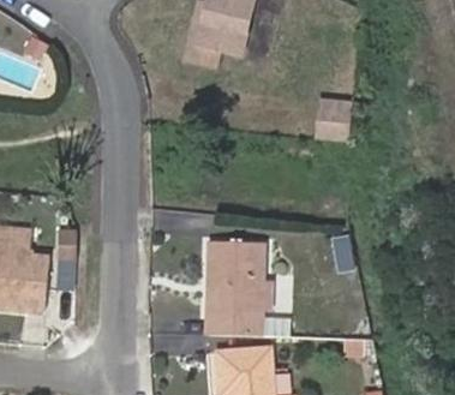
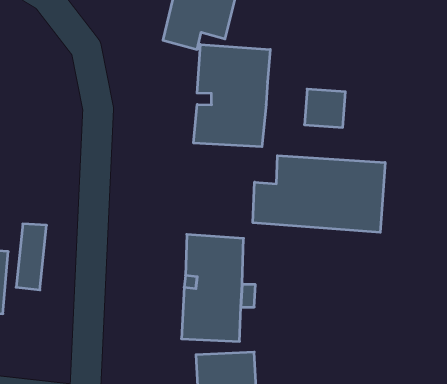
building: none -> [194,44,270,147]
building: none -> [253,156,385,232]

